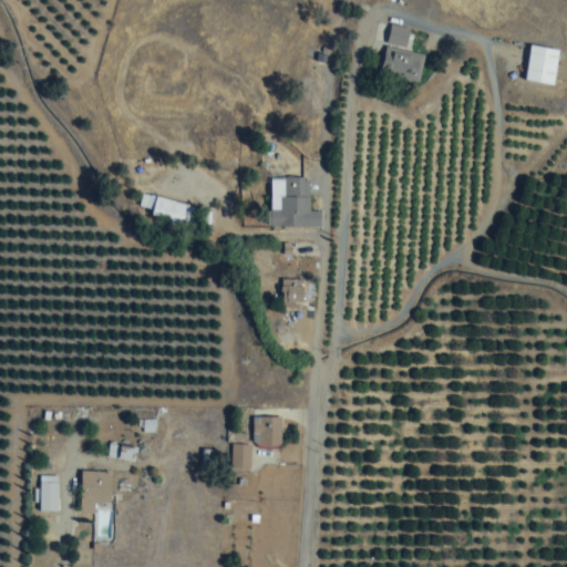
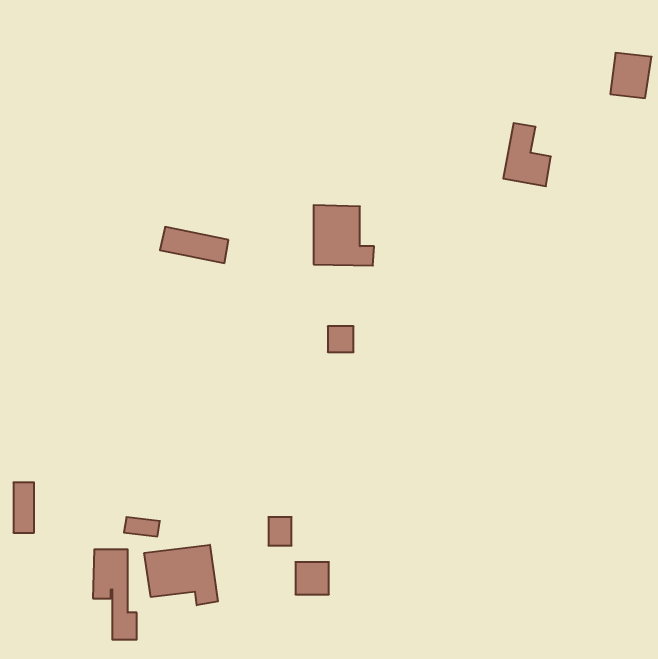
building: [383,24,424,79] -> [503,123,551,186]
building: [255,419,284,446] -> [295,562,329,594]
building: none -> [144,545,218,605]
building: [40,468,58,512] -> [13,482,34,533]

